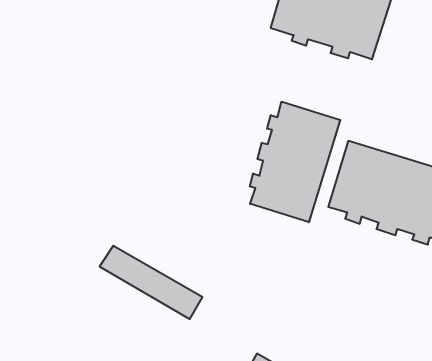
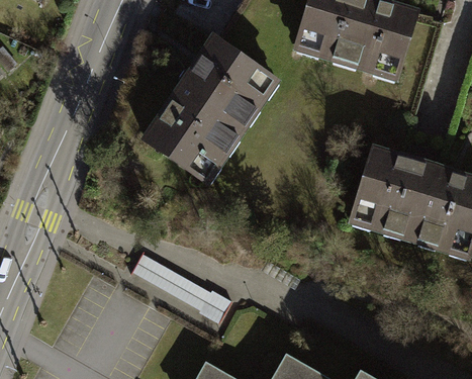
building: none -> [144,40,269,179]
building: [250,102,340,222] -> none

